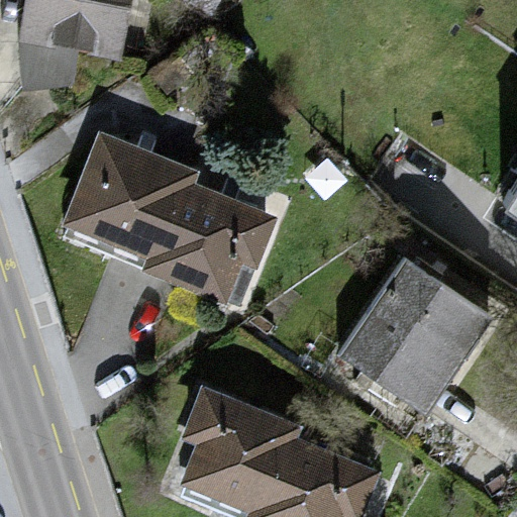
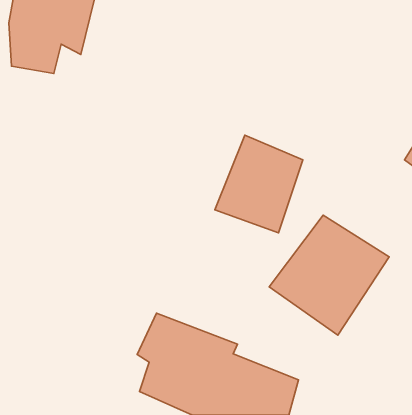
building: [63,131,285,305] -> none
building: none -> [215,135,303,233]

